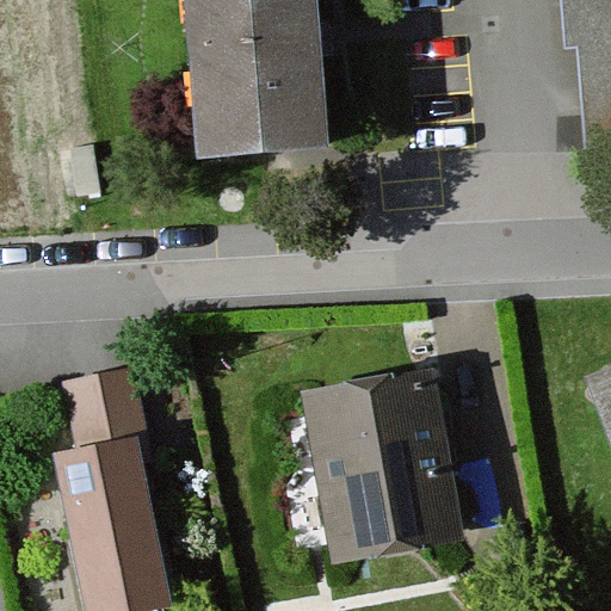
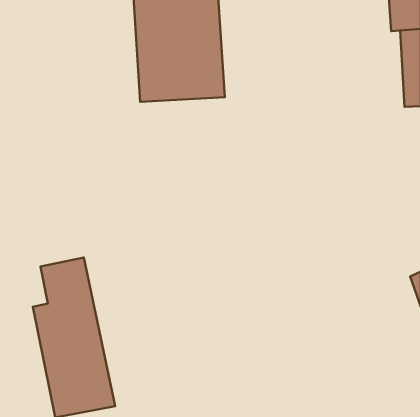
building: [308,377,461,562] -> none

